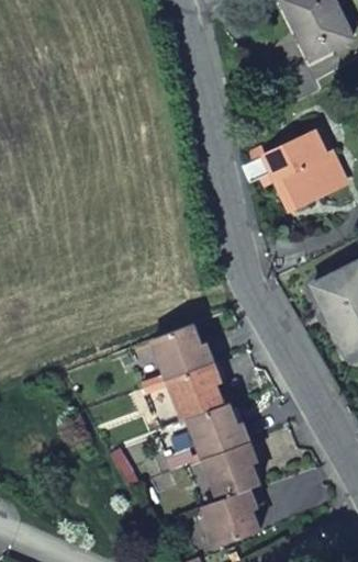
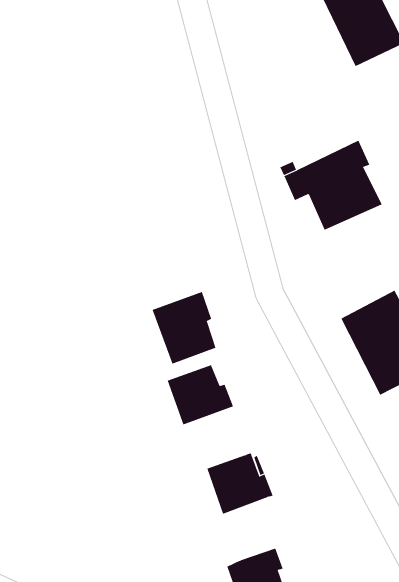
building: none -> [152,291,216,365]
building: [166,363,221,420] -> none
building: [201,442,257,499] -> none

